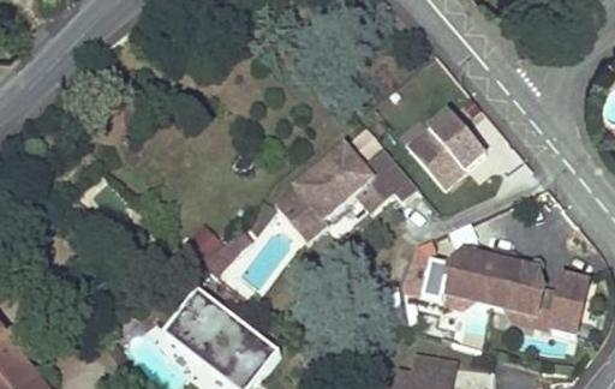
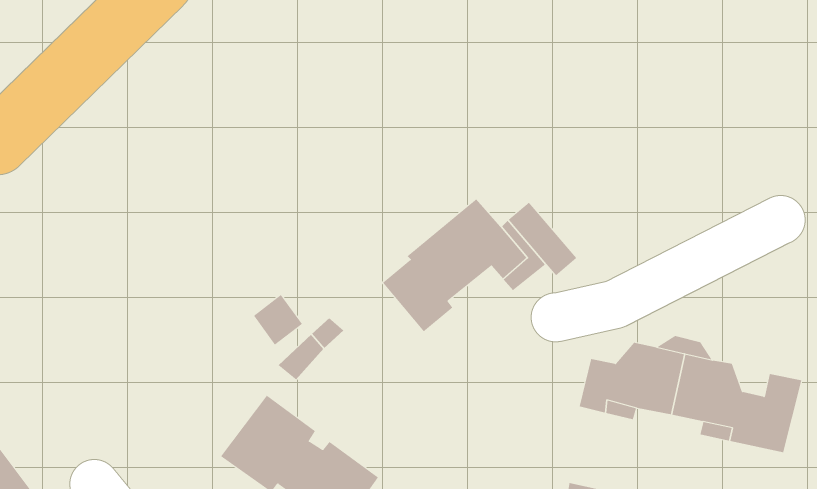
building: [411,112,486,188] -> none

